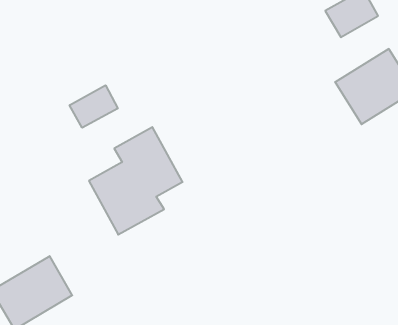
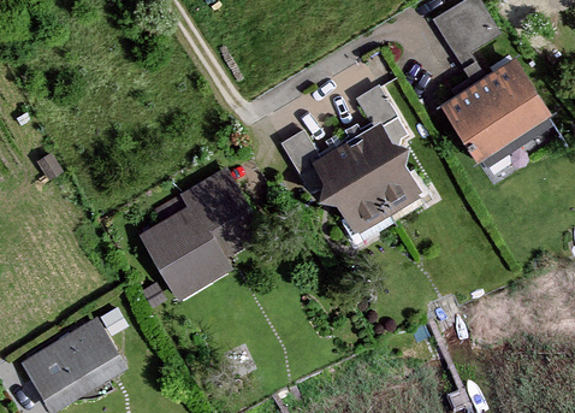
building: none -> [275,82,428,232]
building: [70,85,118,128] -> none

